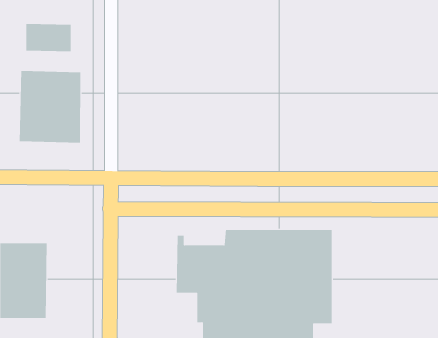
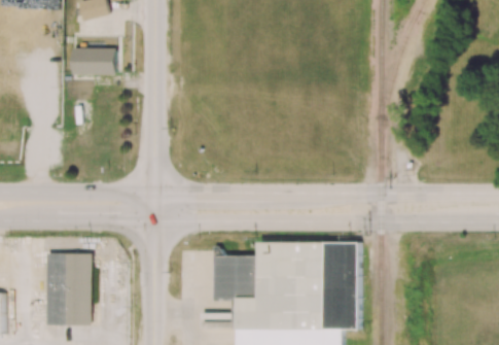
building: [19,70,81,143] -> none

